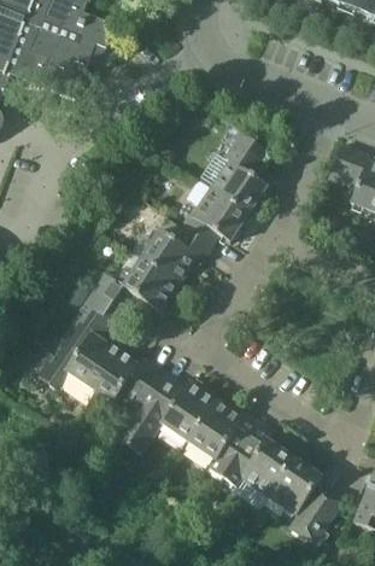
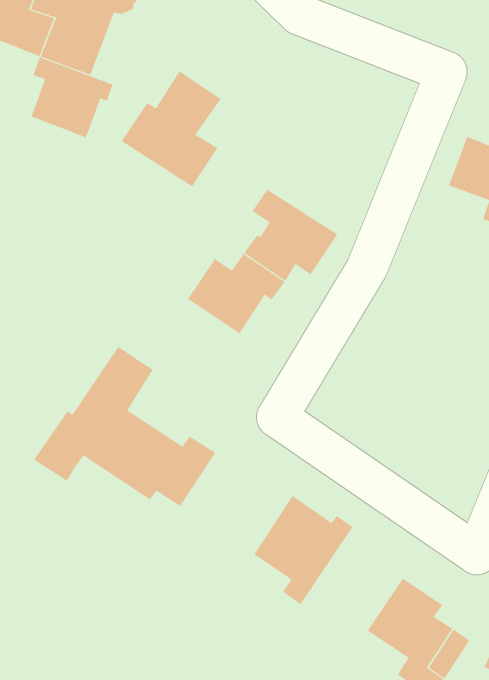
building: none -> [31,57,113,138]
building: [199,129,270,212] -> [121,70,221,187]
building: [93,252,180,311] -> none
building: [118,368,217,453] -> none
building: [223,421,295,495] -> none

